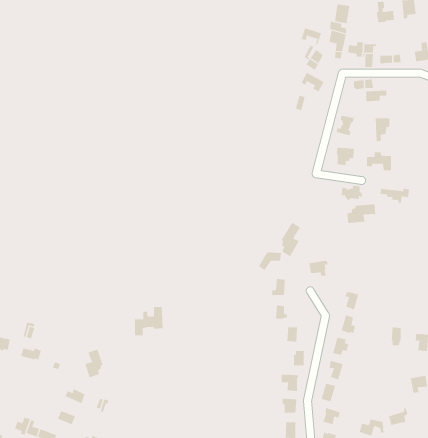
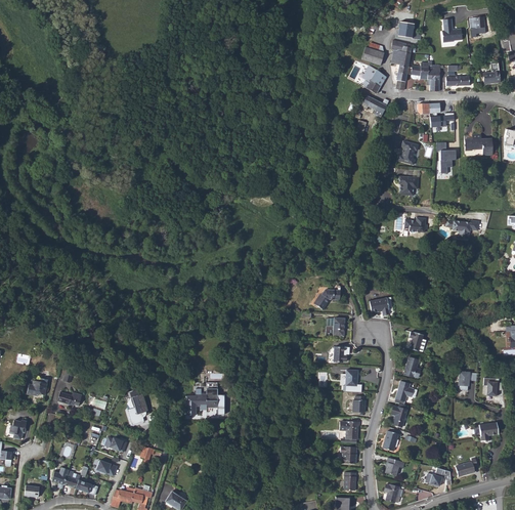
building: [366,152,392,171] -> [464,134,491,155]
building: [347,203,376,224] -> none
building: [281,222,301,257] -> none
building: [134,307,163,336] -> [185,383,217,415]

